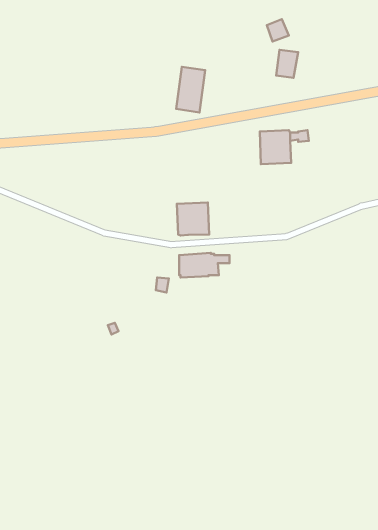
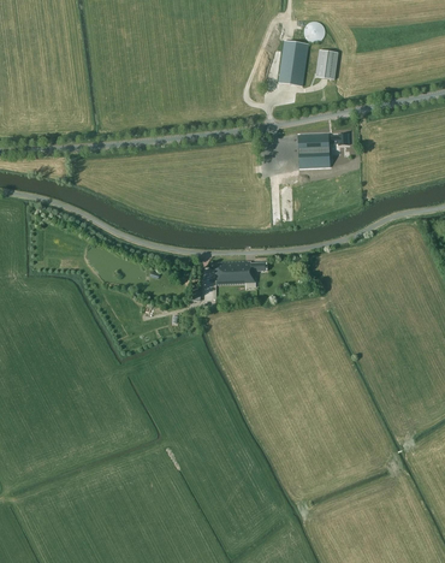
building: [176,67,205,112] -> [277,41,307,88]
building: [177,203,209,236] -> none

